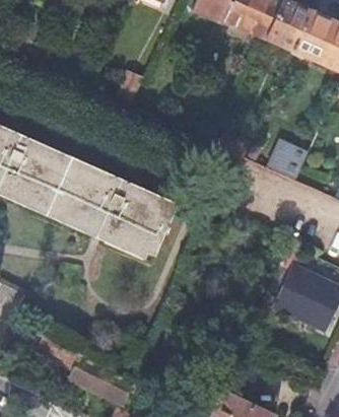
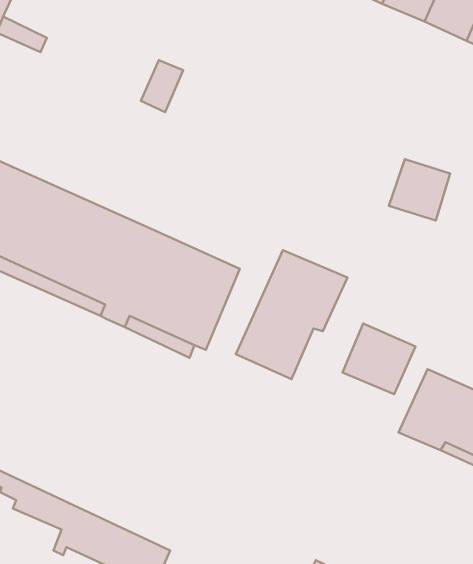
building: none -> [236,250,348,379]
building: none -> [343,324,415,394]

